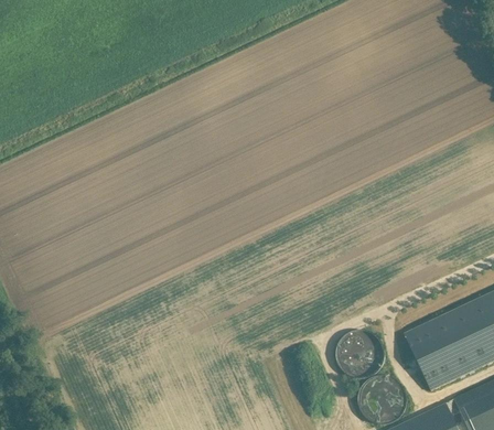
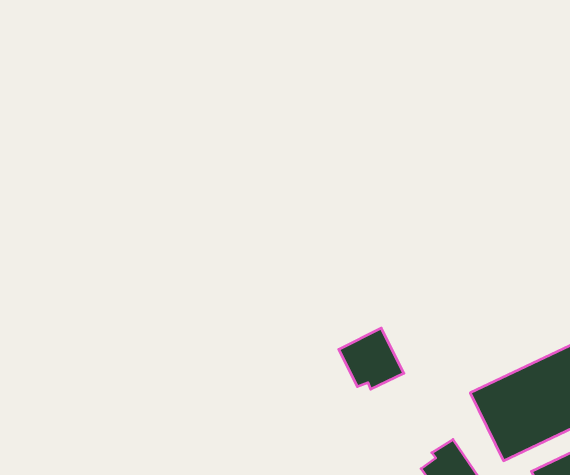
building: [334,326,388,377] -> [339,328,404,389]

